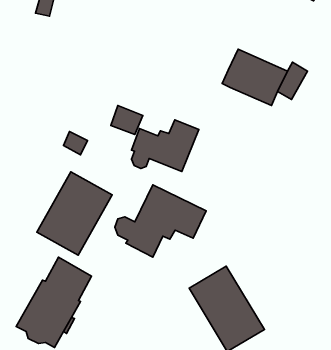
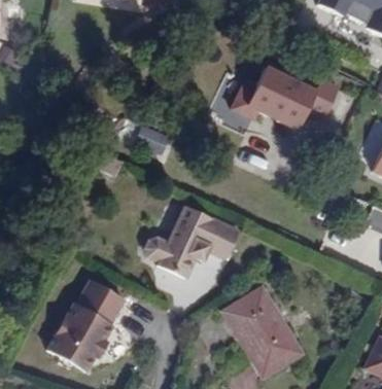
building: none -> [230,80,265,122]
building: [131,120,199,172] -> none
building: [37,172,112,255] -> none

